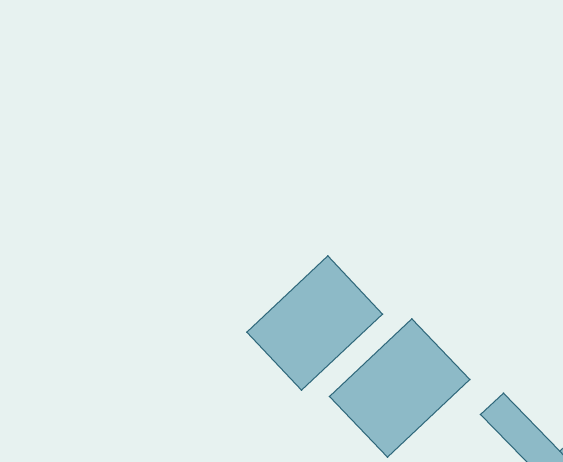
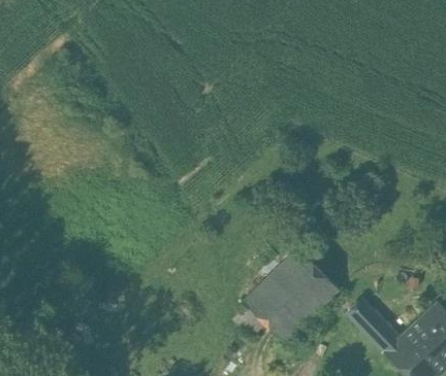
building: [247,256,383,390] -> none

